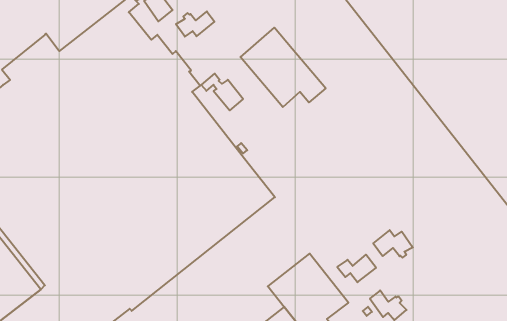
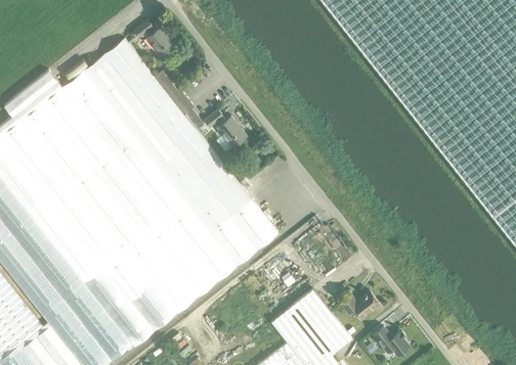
building: [176,11,214,37] -> none
building: [240,28,326,107] -> none
building: [373,230,413,258] -> none

